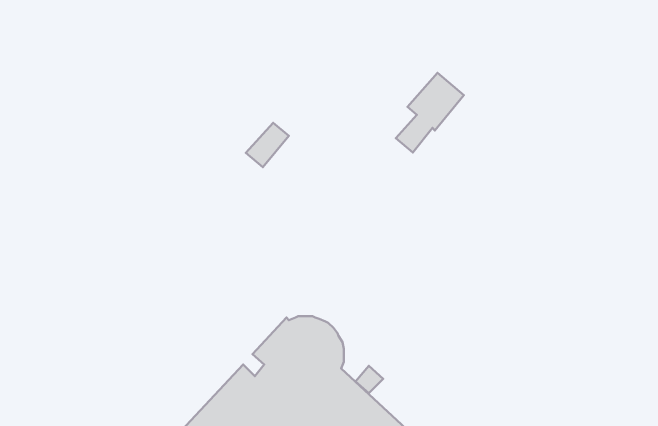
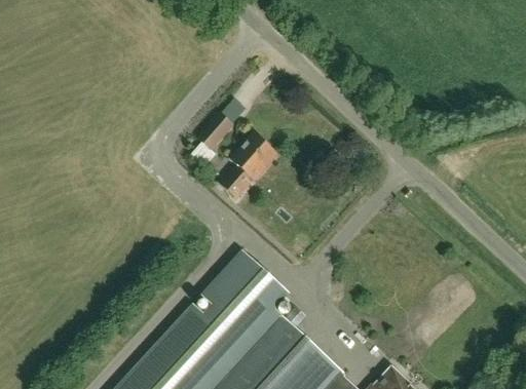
building: [396,73,464,153] -> [222,135,275,198]

